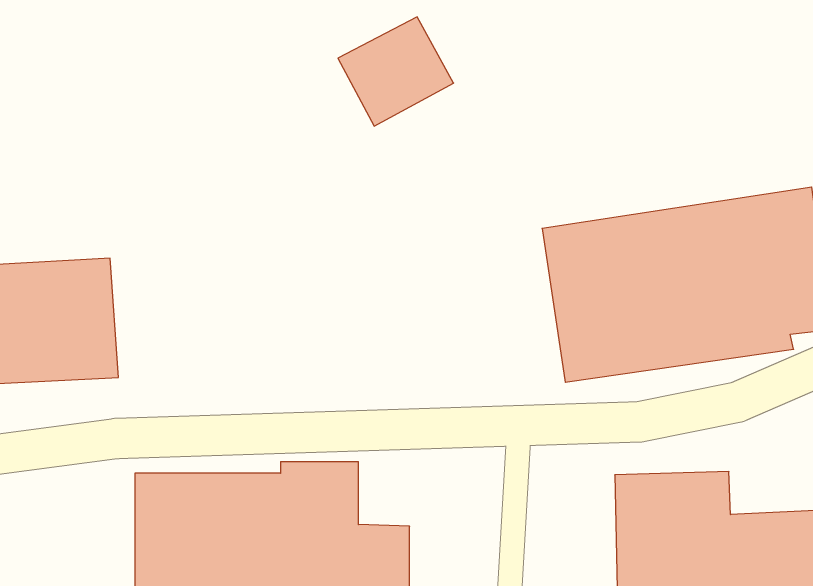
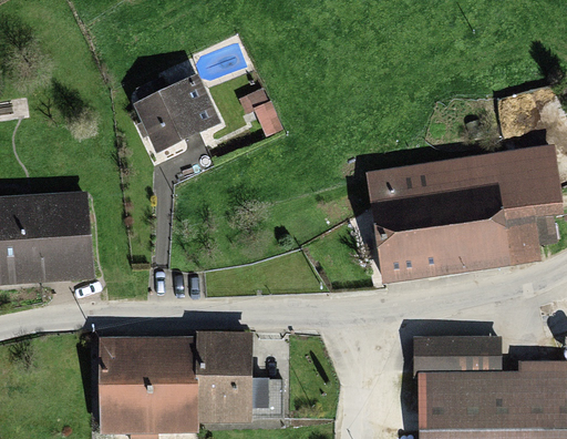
building: [338,17,454,126] -> [136,76,214,150]

